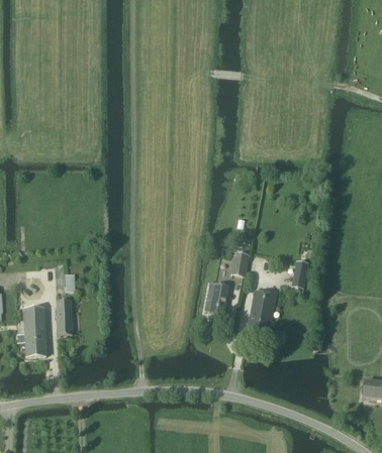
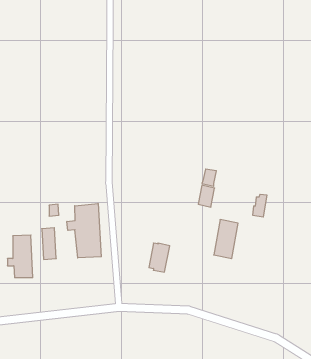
building: none -> [67,203,101,258]
building: [206,281,229,314] -> [149,243,170,272]

